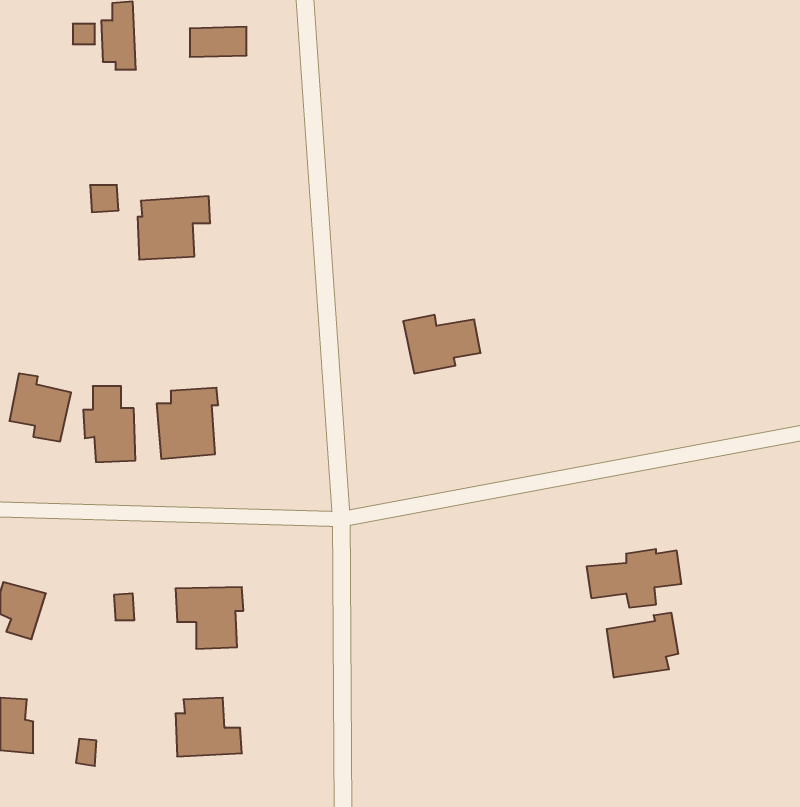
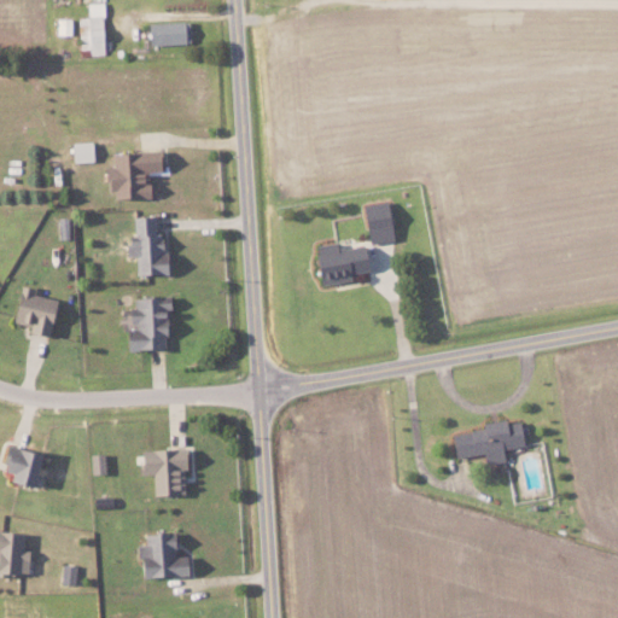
building: none -> [365,202,397,245]
building: [83,386,135,462] -> [129,217,169,275]
building: [607,613,678,678] -> none

